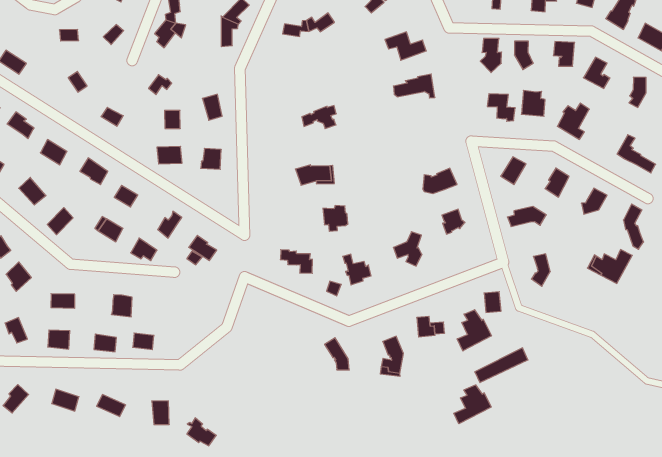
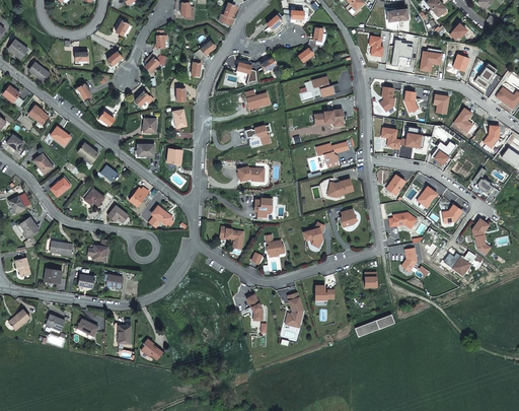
building: none -> [237,89,270,110]
building: none -> [315,141,349,163]
building: [457,310,491,351] -> none
building: [454,385,491,424] -> none

